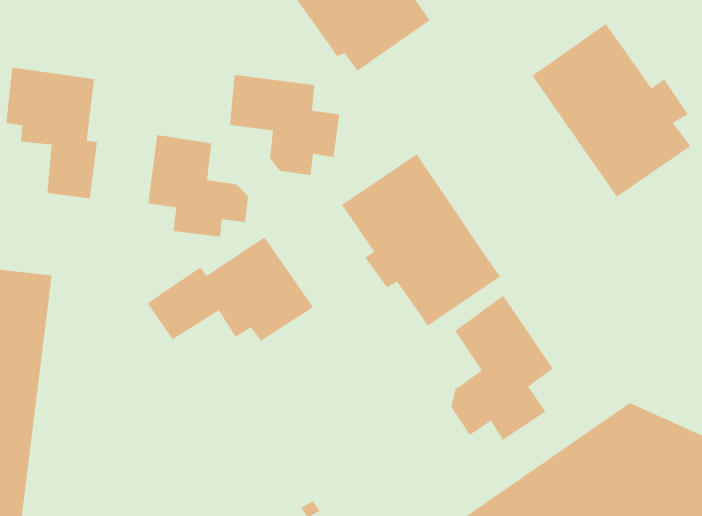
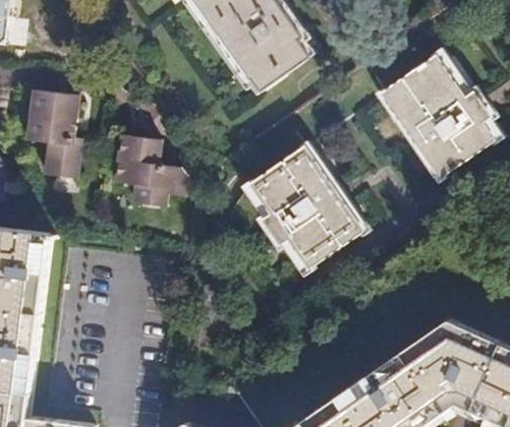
building: [230,74,340,176] -> none
building: [147,237,314,342] -> none
building: [451,295,553,441] -> none

